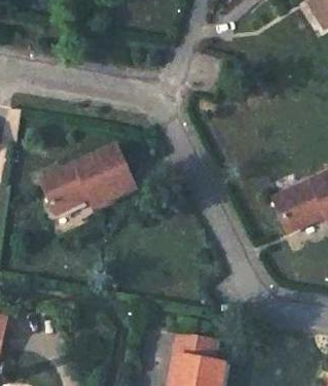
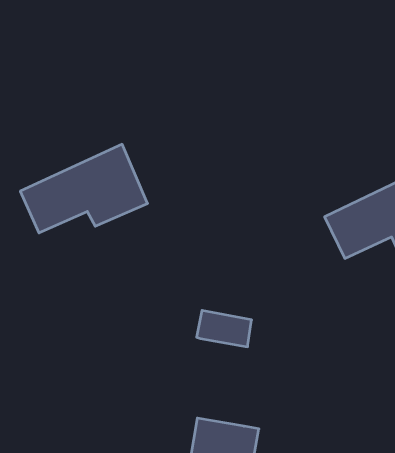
building: [172,332,214,360] -> [197,310,252,347]

